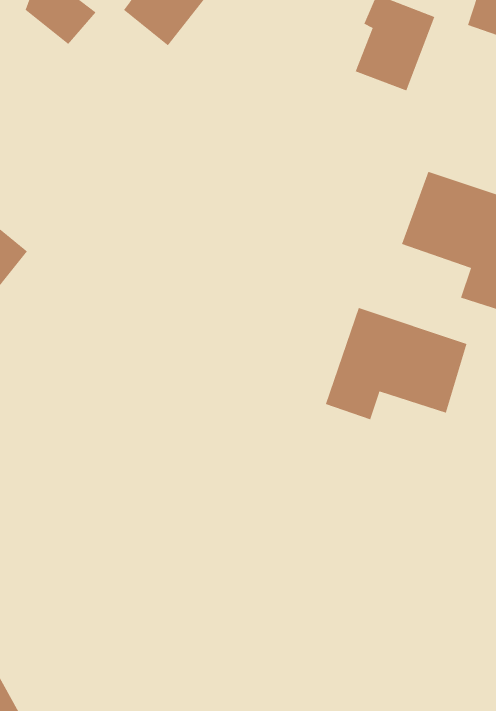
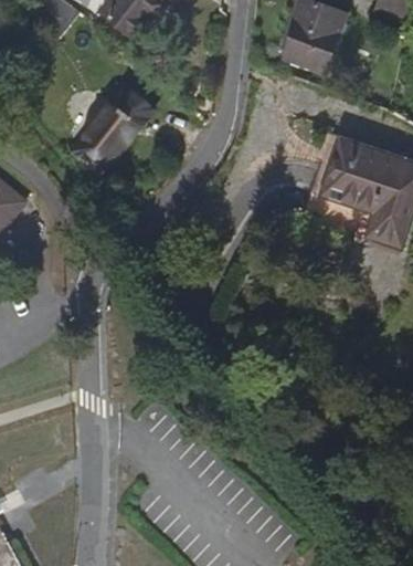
building: none -> [72,85,152,174]
building: [325,307,467,420] -> none

